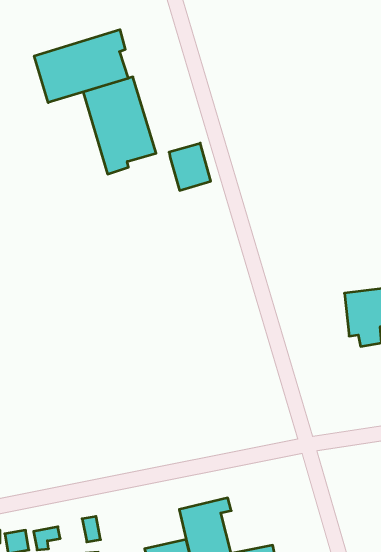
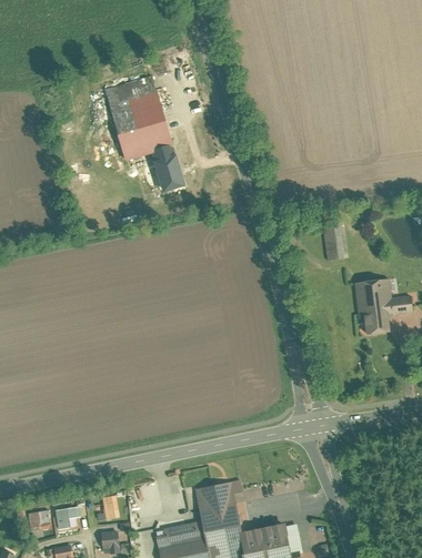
building: [34,30,128,103] -> none
building: [169,143,211,190] -> [145,146,185,192]
building: none -> [321,220,343,258]

